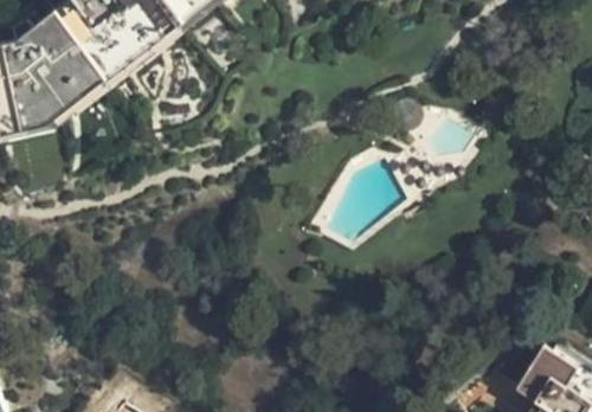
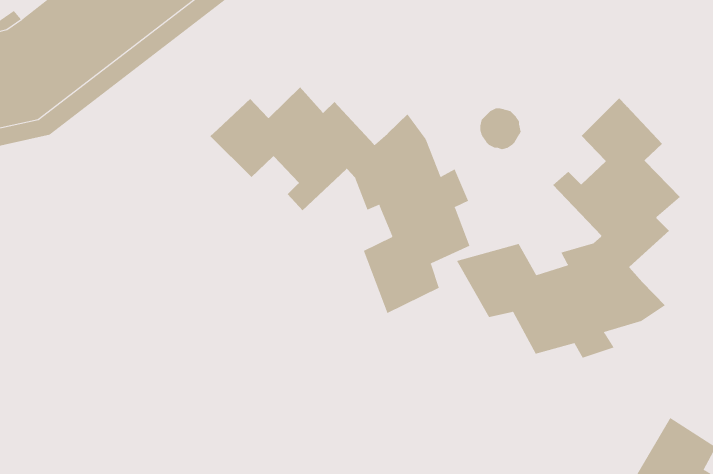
building: none -> [210,87,470,314]
building: none -> [456,97,681,359]

